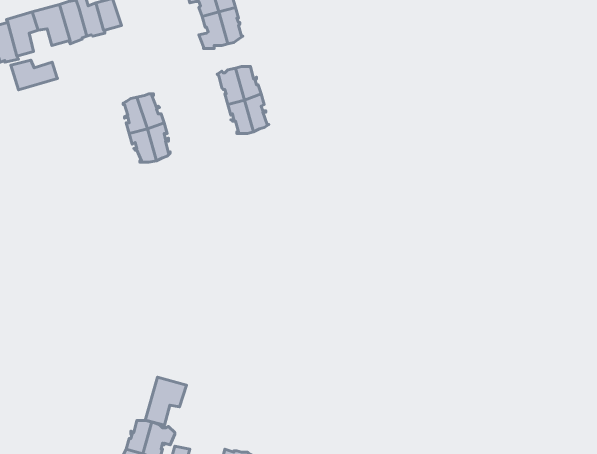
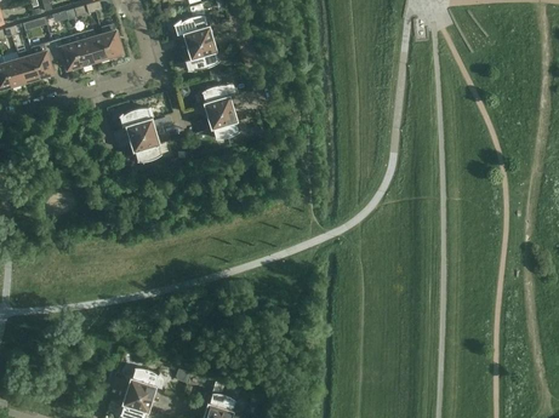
building: [11,60,58,90] -> none
building: [145,377,186,425] -> none

